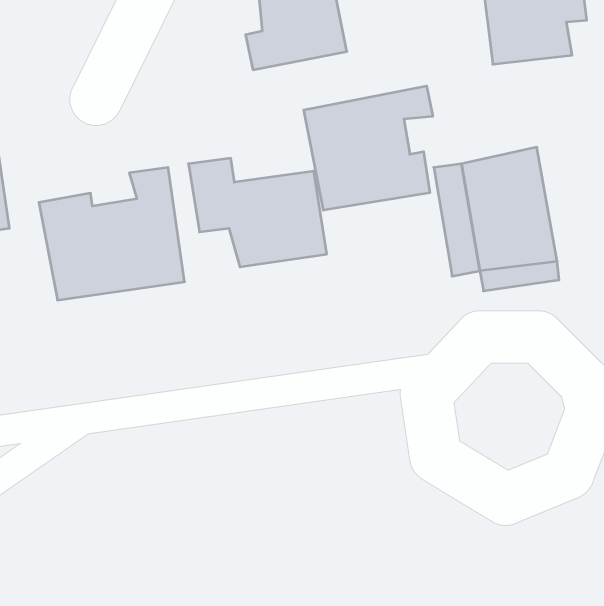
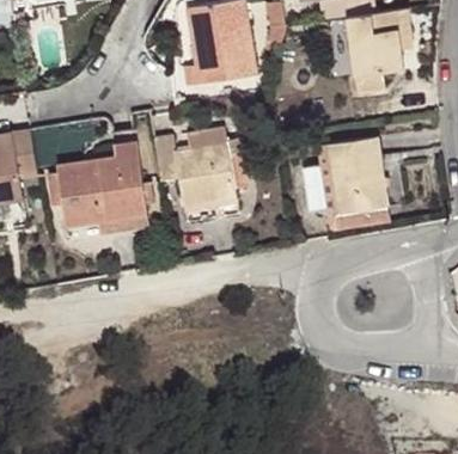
building: [304,86,433,210] -> none

